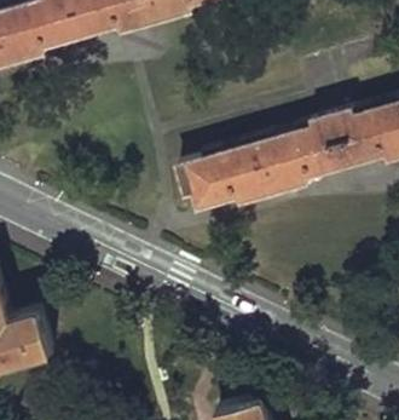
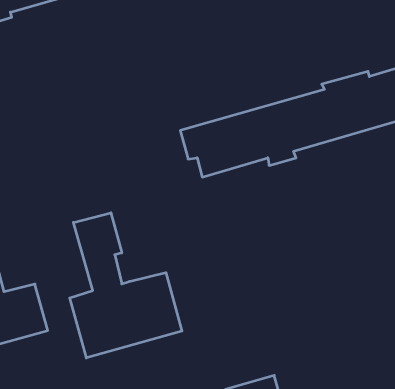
building: none -> [70,213,182,358]

